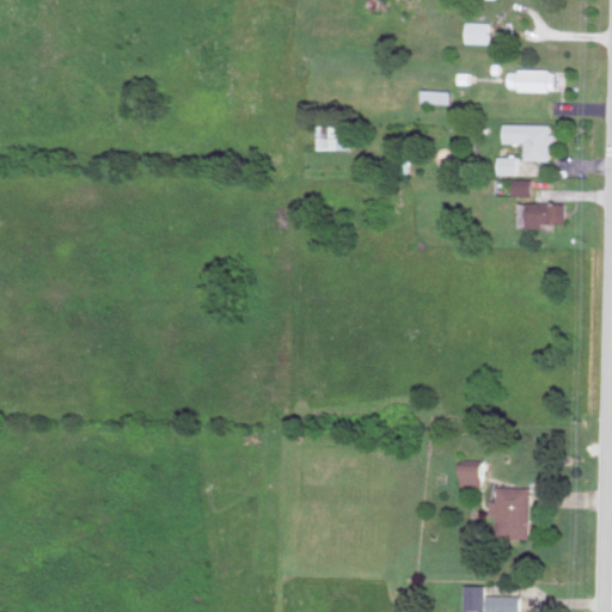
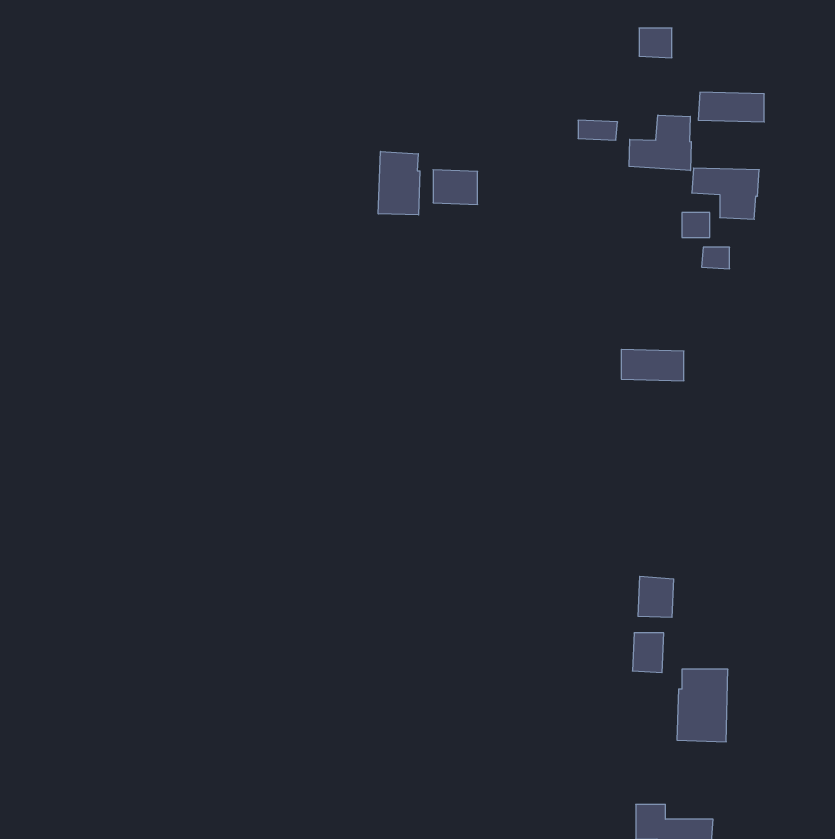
building: none -> [629,115,691,171]
building: none -> [378,151,420,215]
building: [519,203,564,226] -> [621,349,684,381]
building: none -> [638,576,674,617]

